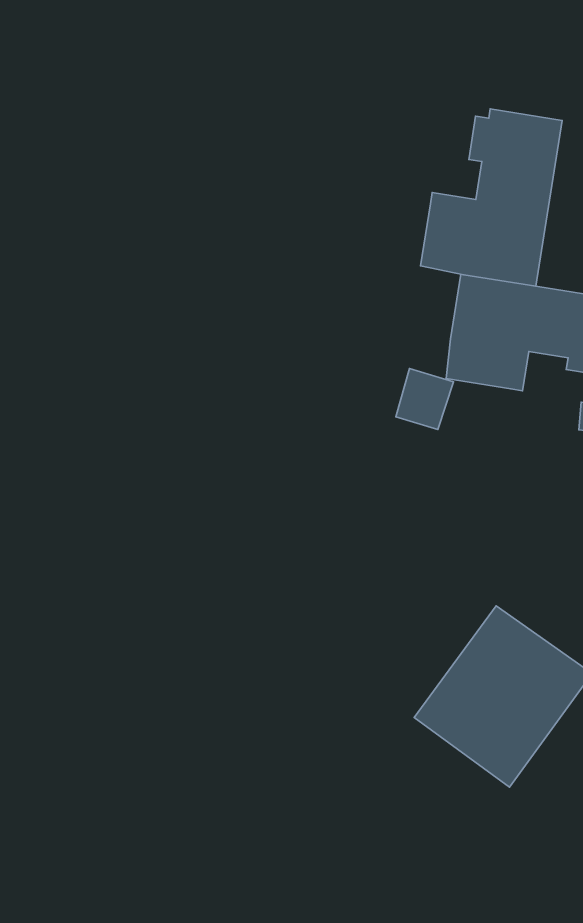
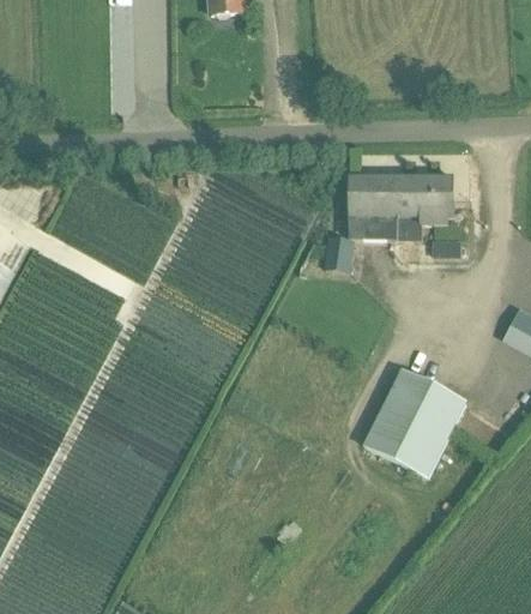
building: [420,109,562,286] -> none

